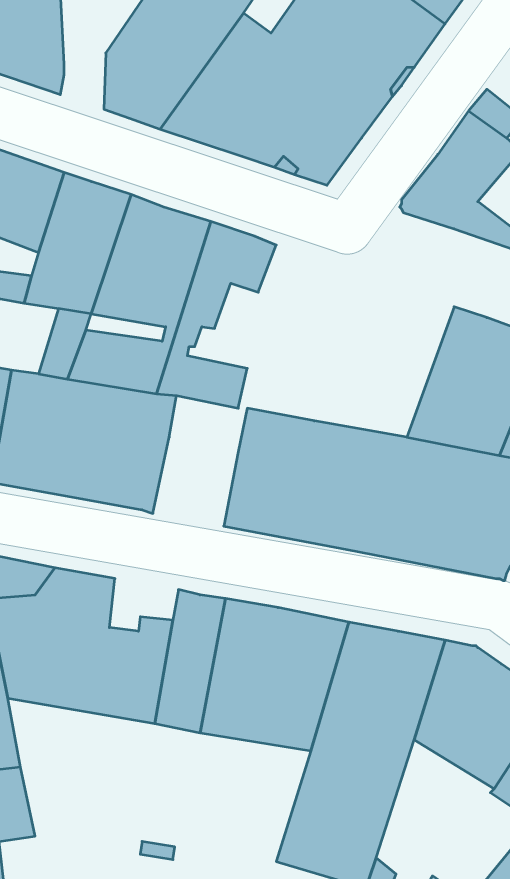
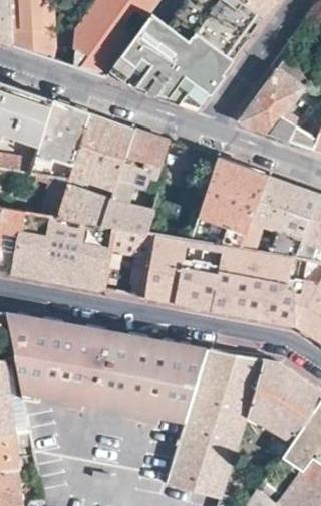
building: none -> [190,158,267,248]
building: none -> [109,225,152,256]
building: none -> [76,326,114,355]

